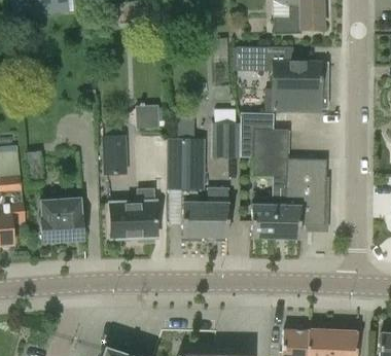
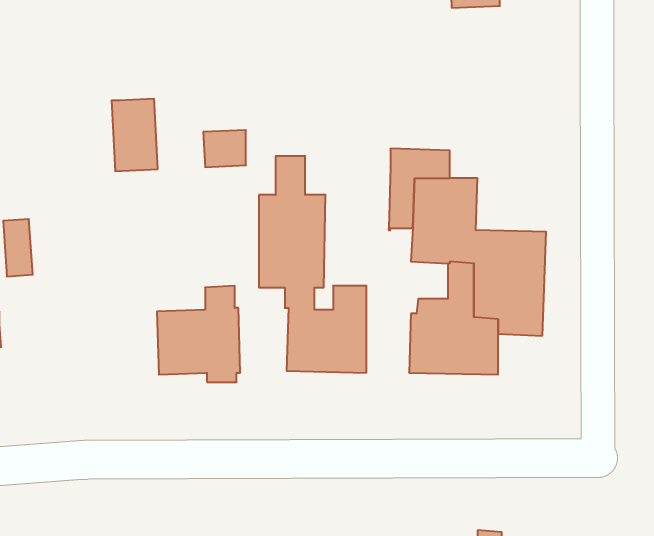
building: [234,46,323,111] -> none
building: [211,109,241,157] -> none
building: [102,134,128,174] -> [111,99,158,171]
building: [41,199,84,242] -> none

